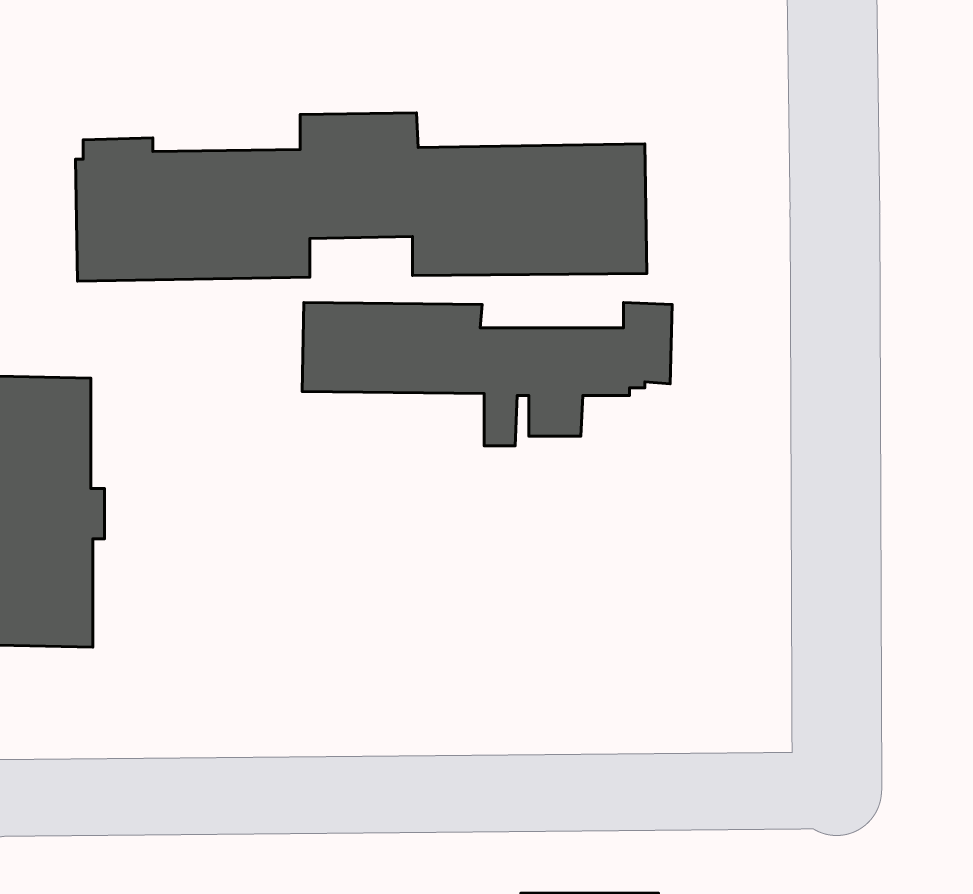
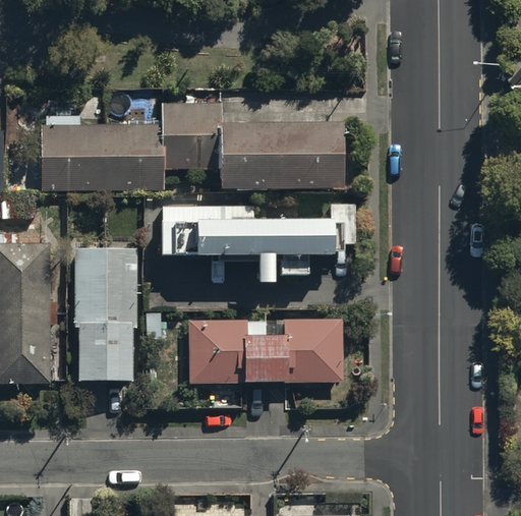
building: none -> [73,248,138,381]
building: none -> [189,319,342,383]

